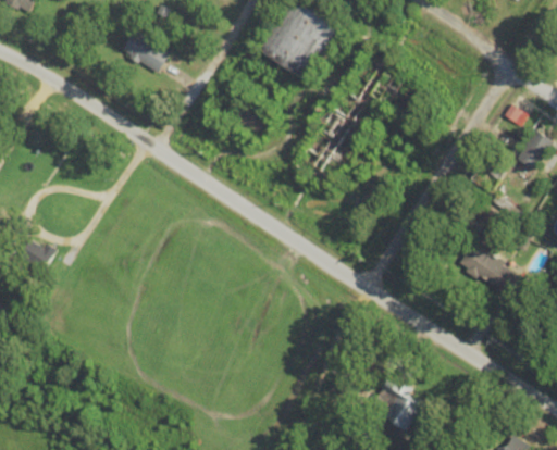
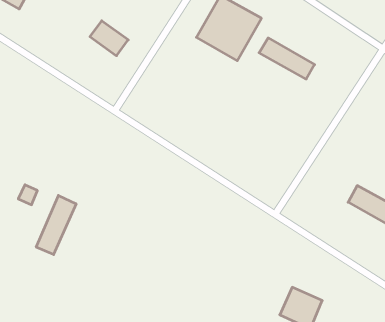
building: none -> [259,38,315,79]
building: none -> [36,195,76,255]

